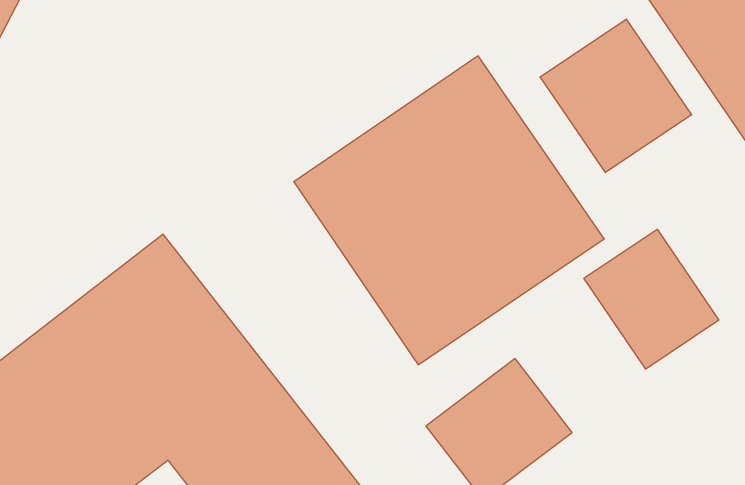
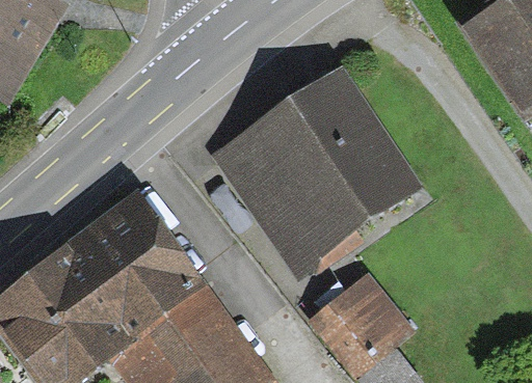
building: [540,19,692,173] -> none
building: [584,229,719,369] -> none

